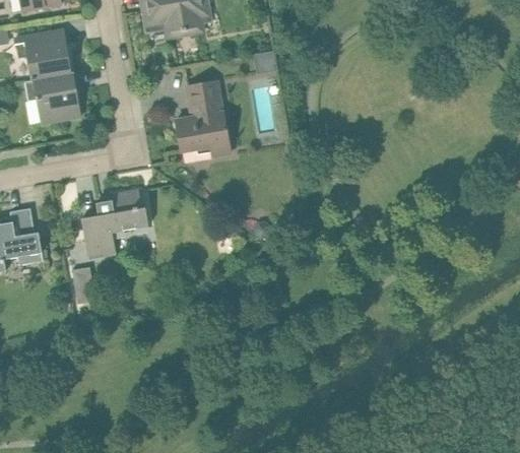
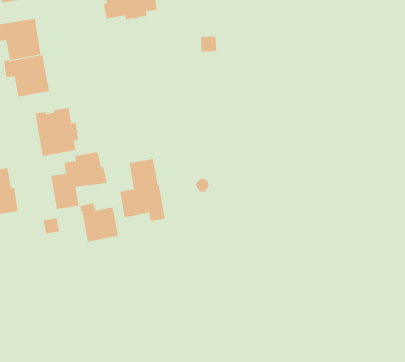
building: [176,80,231,155] -> [120,158,165,221]
building: none -> [35,107,79,157]
building: none -> [80,203,119,242]

